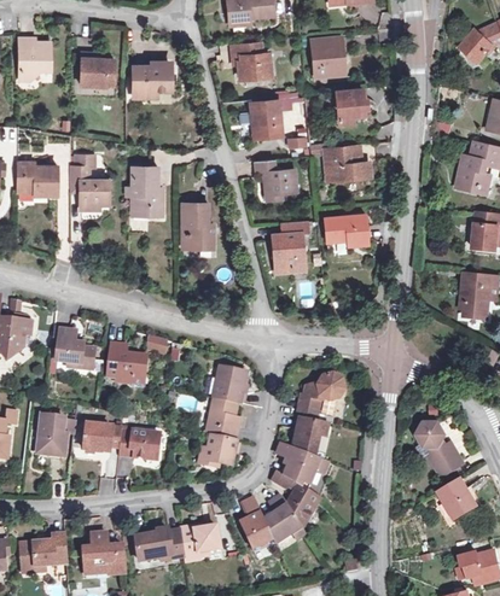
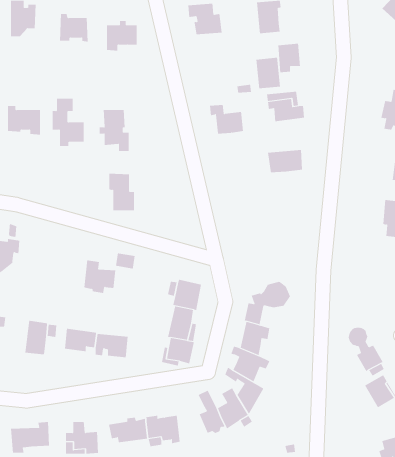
building: [250,99,280,136] -> [255,57,281,89]
building: [181,204,213,249] -> [108,173,135,211]
building: [271,221,306,270] -> none
building: [56,329,93,368] -> none

